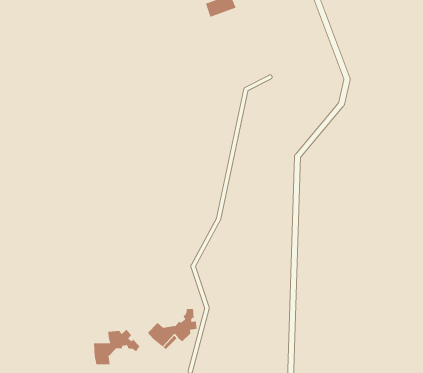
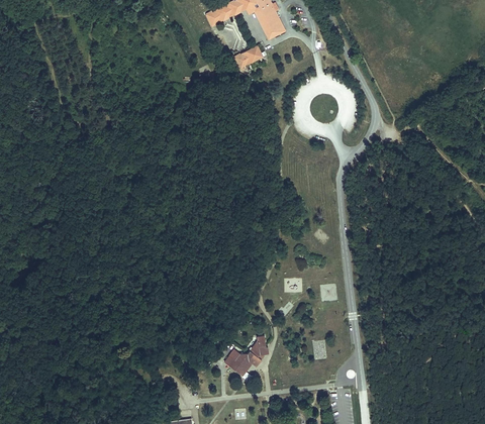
building: [93,329,140,365] -> none

